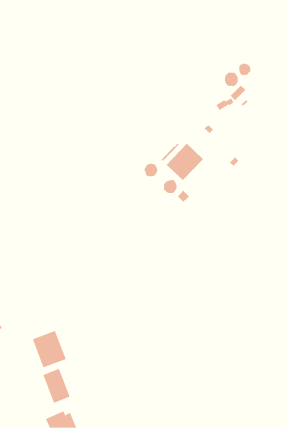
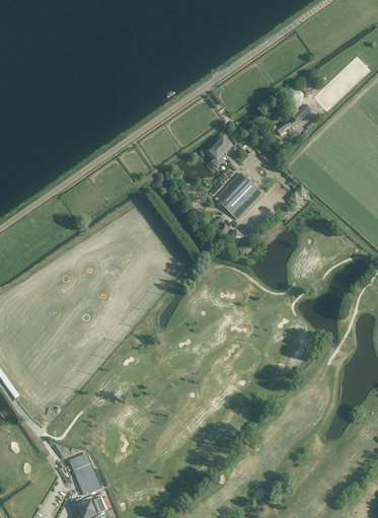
building: none -> [205,136,233,168]
building: [32,330,66,368] -> none

